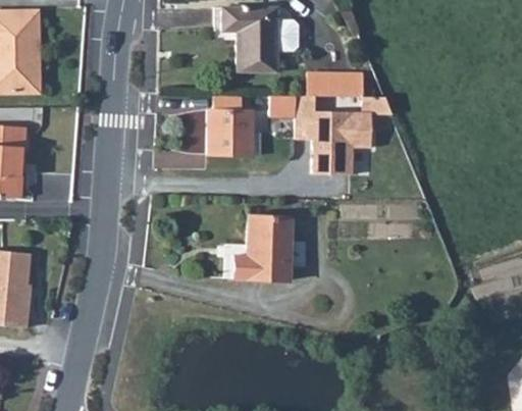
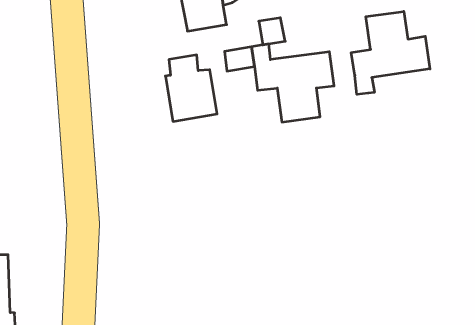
building: [329,72,364,97] -> none
building: none -> [351,11,430,94]
building: [232,217,290,280] -> none

